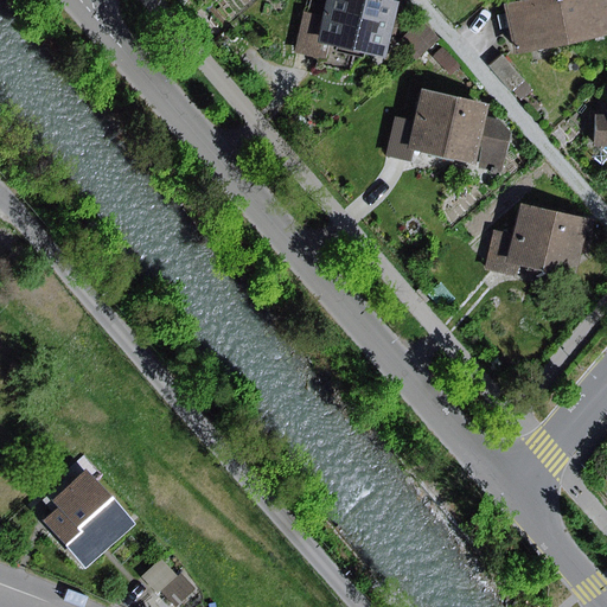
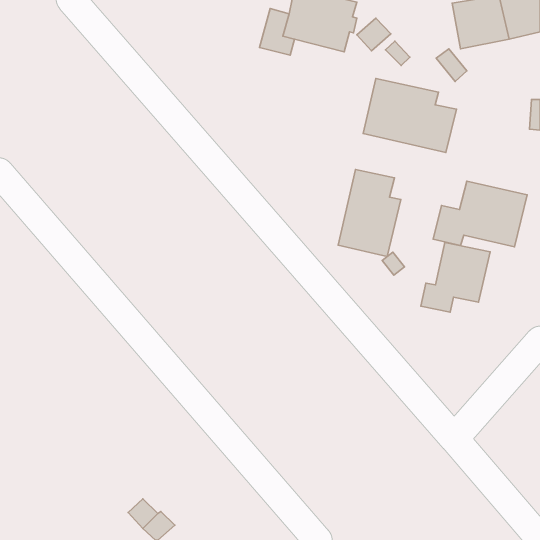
building: none -> [338,169,401,257]
building: none -> [421,242,490,312]
building: [45,473,130,564] -> none

